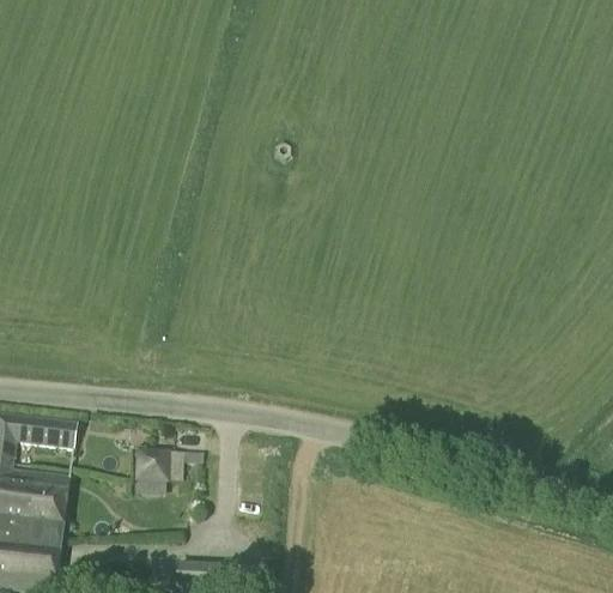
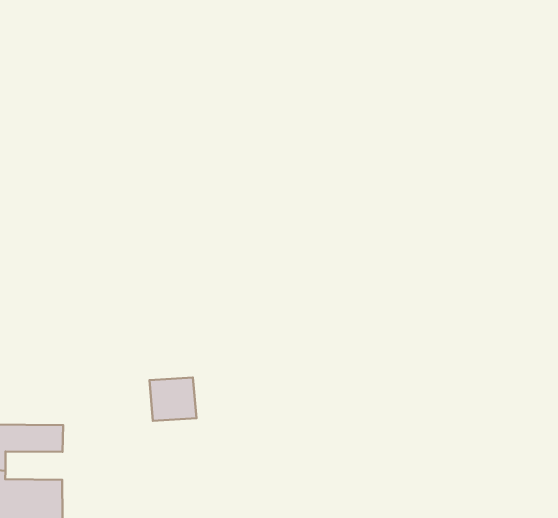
building: [136,447,181,490] -> [149,377,196,421]

